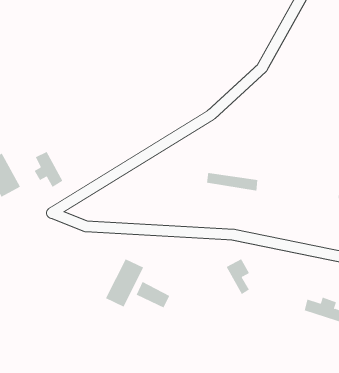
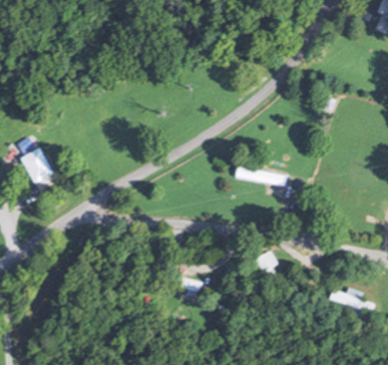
building: [34,151,63,188] -> none
building: [105,258,144,307] -> none

